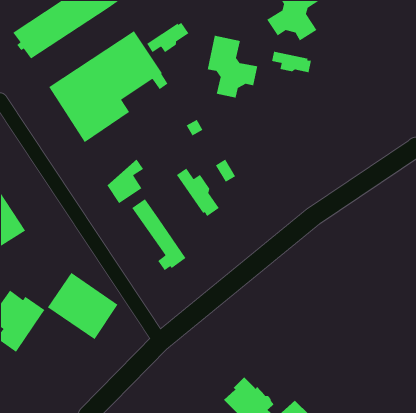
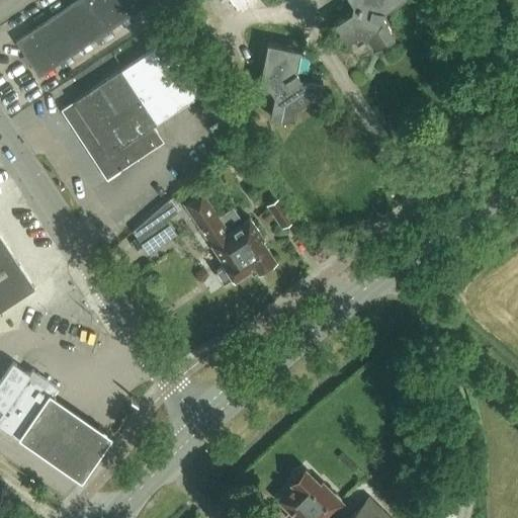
building: [146,22,189,53] -> none
building: [271,51,312,73] -> none
building: [131,198,187,271] -> [183,194,252,285]
building: [47,272,118,340] -> [22,395,111,480]

